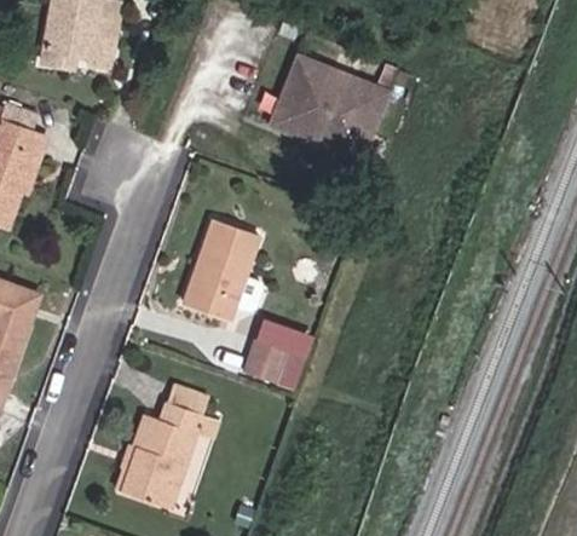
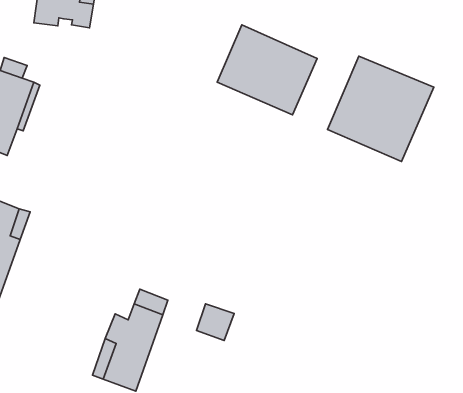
building: none -> [327,56,434,162]
building: [183,219,261,319] -> none
building: [243,335,289,380] -> [196,304,234,340]

